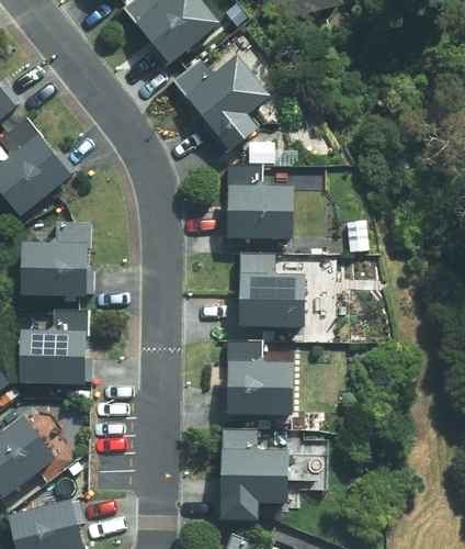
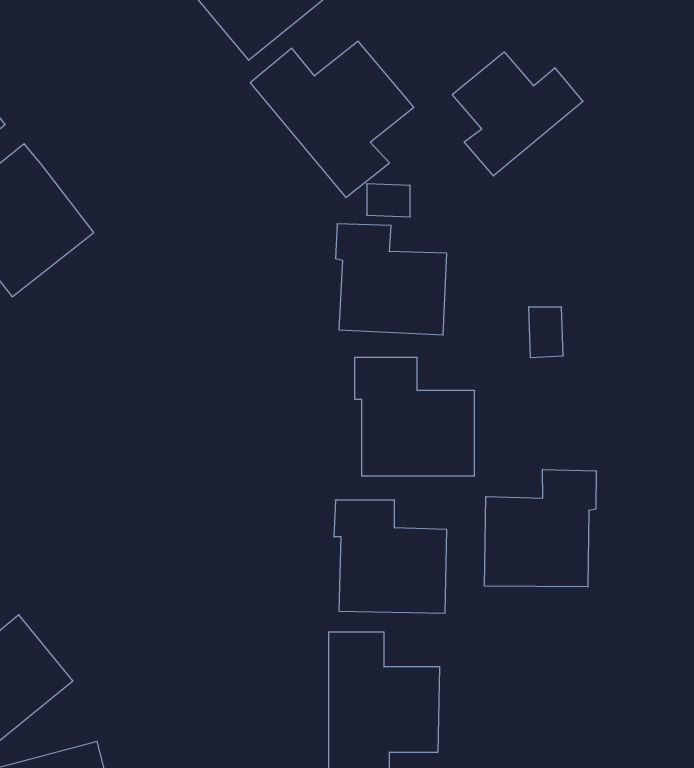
building: none -> [452,52,583,176]
building: [20,219,90,298] -> none
building: [19,311,86,383] -> none
building: none -> [485,469,596,587]

